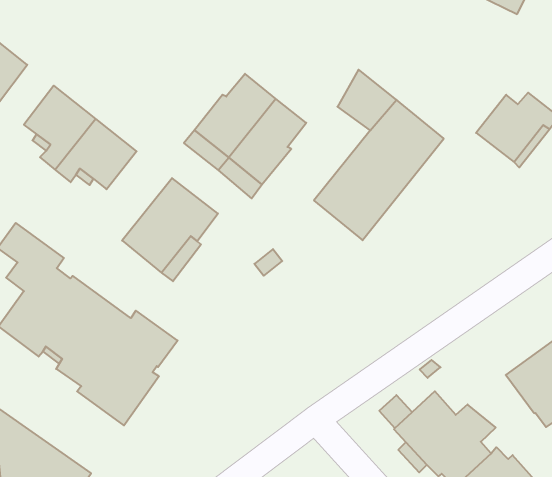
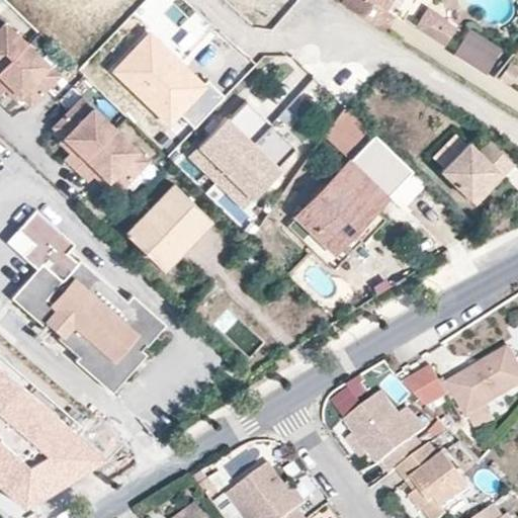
building: none -> [111,34,205,126]
building: none -> [404,367,448,408]

